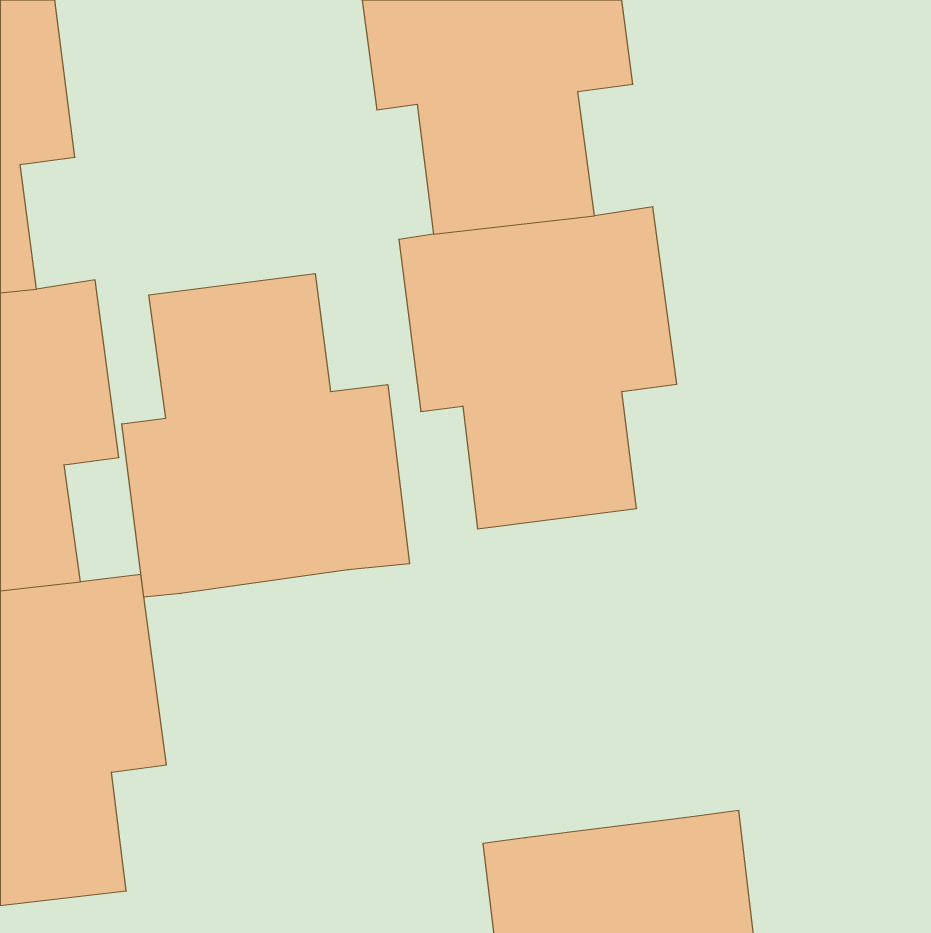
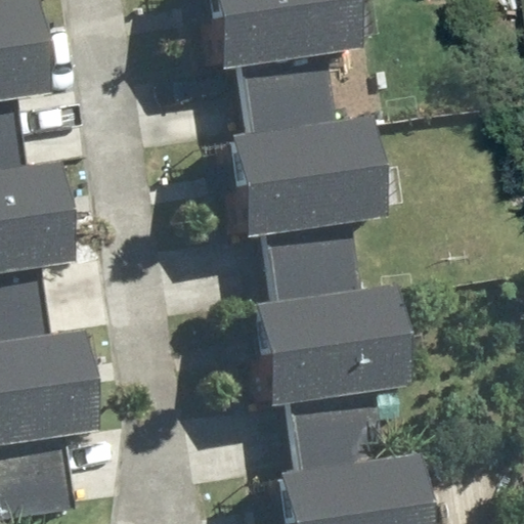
building: [122,274,410,597] -> none
building: none -> [250,280,407,470]

